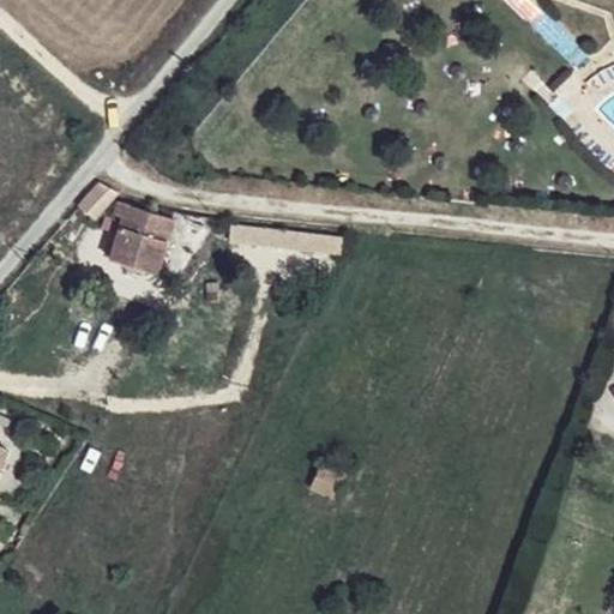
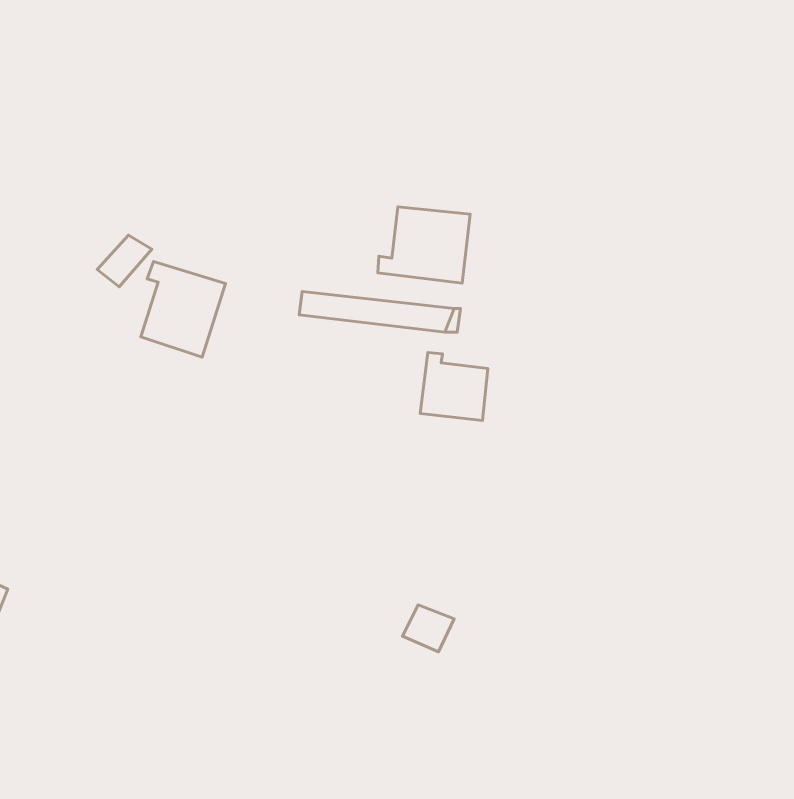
building: none -> [378,207,470,283]
building: none -> [420,353,488,421]

